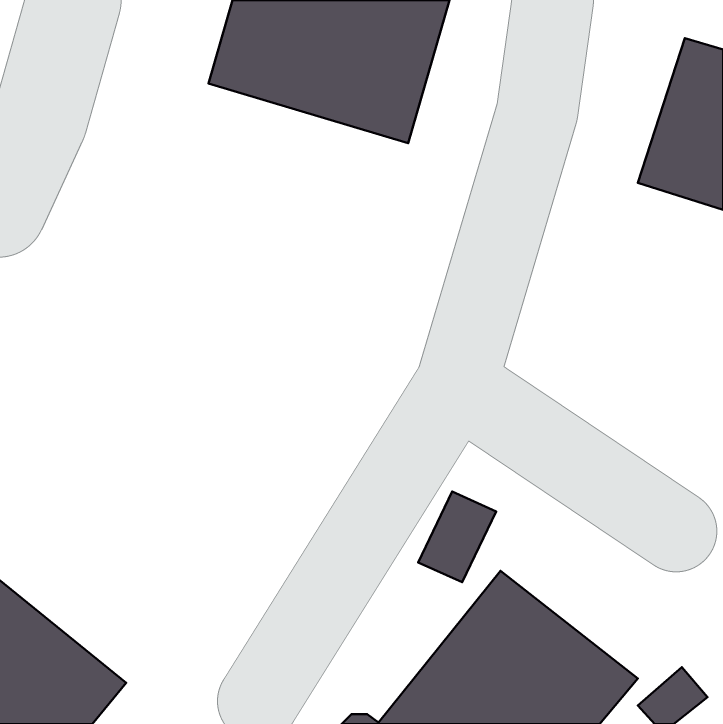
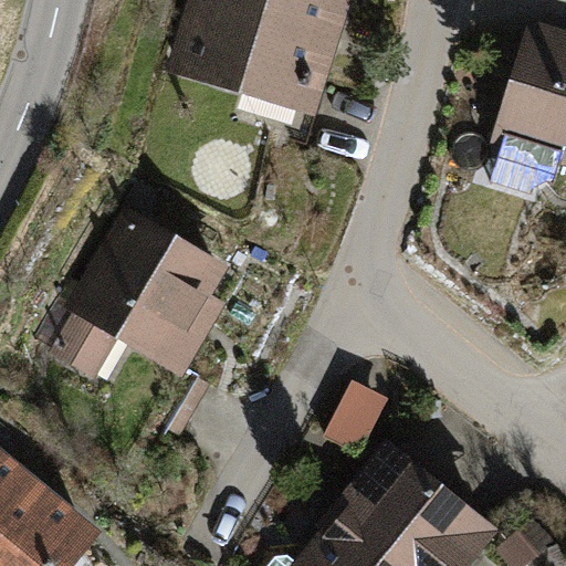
building: none -> [48,206,229,381]

